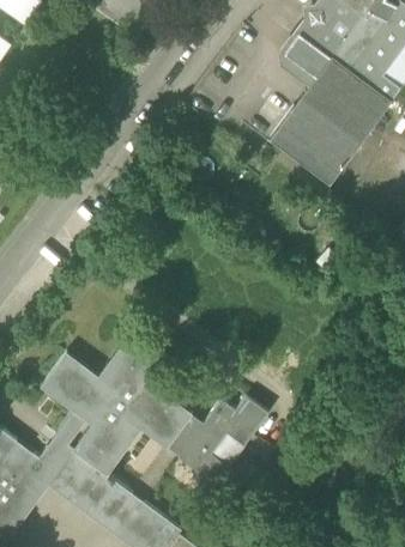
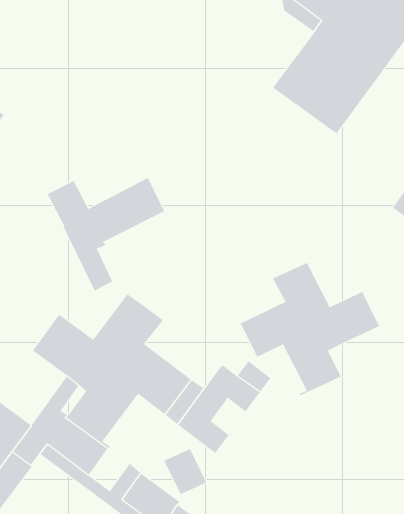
building: none -> [47,177,165,292]
building: none -> [240,262,380,396]
building: none -> [164,448,207,495]
building: [95,480,133,519] -> none

